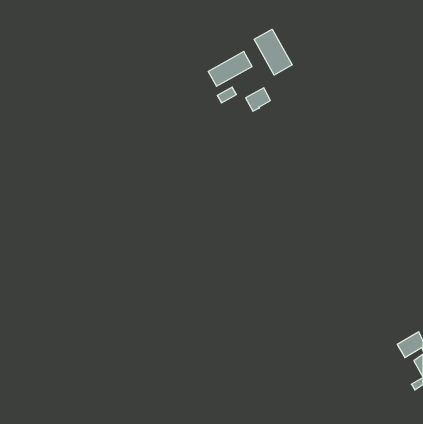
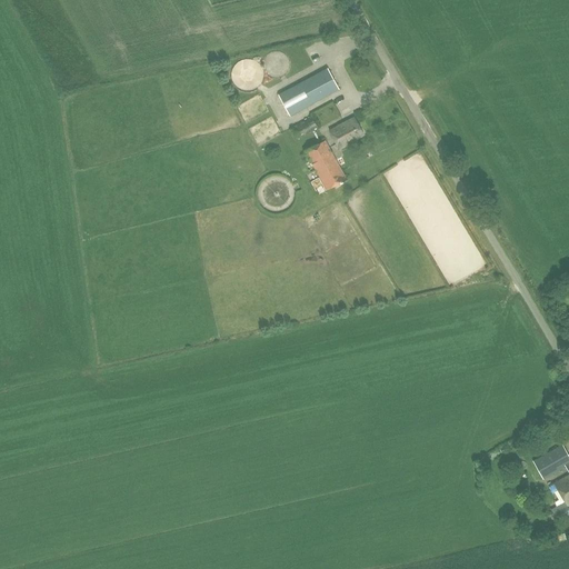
building: [254,29,292,75] -> none
building: none -> [305,140,346,190]

